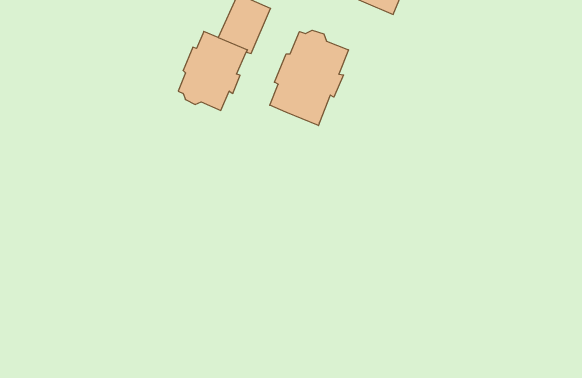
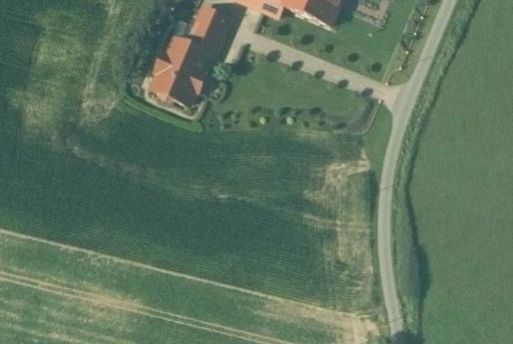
building: [270,30,348,126] -> none

